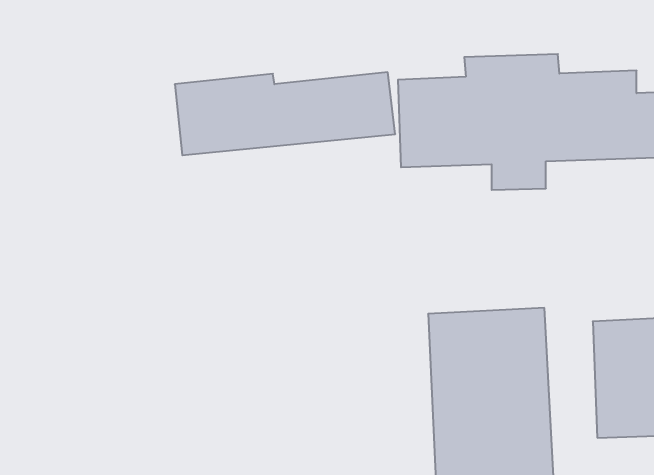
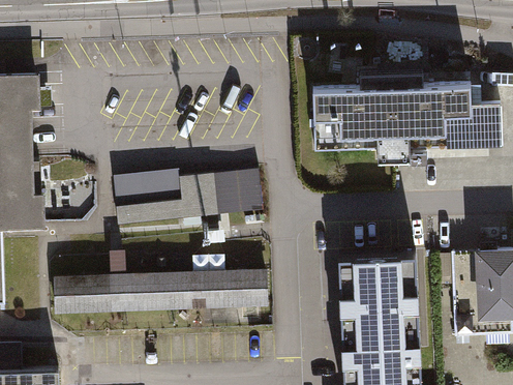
building: [175,72,395,155] -> [110,170,261,227]
building: none -> [47,254,264,316]

